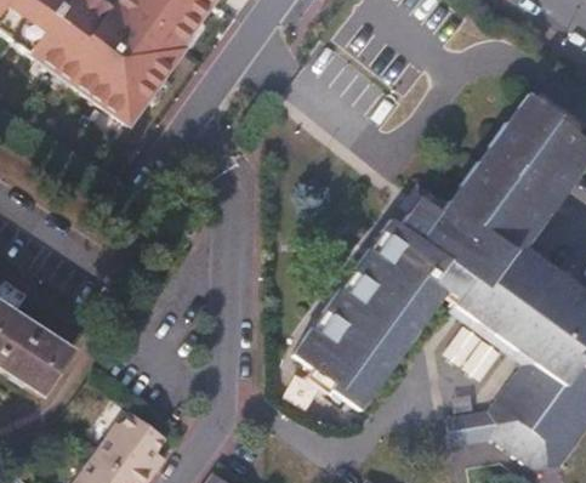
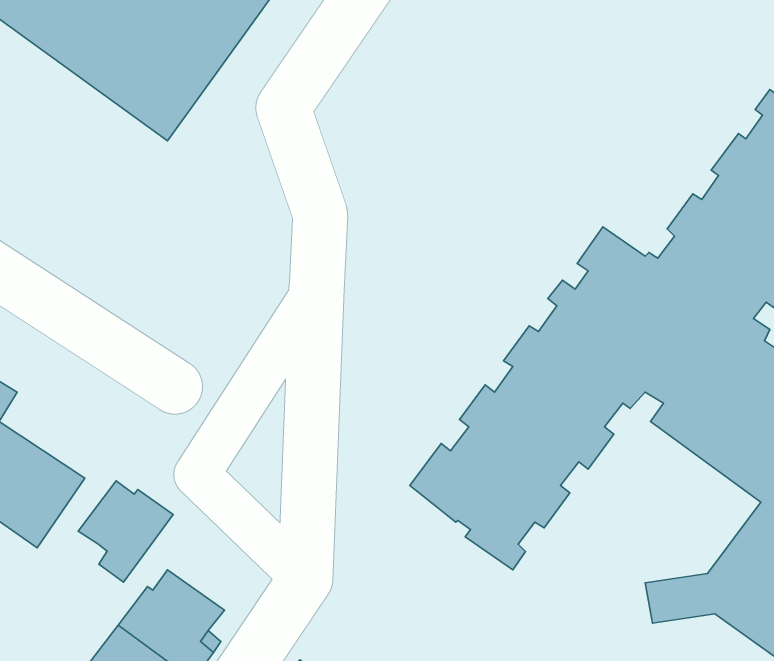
building: none -> [78,481,173,582]

